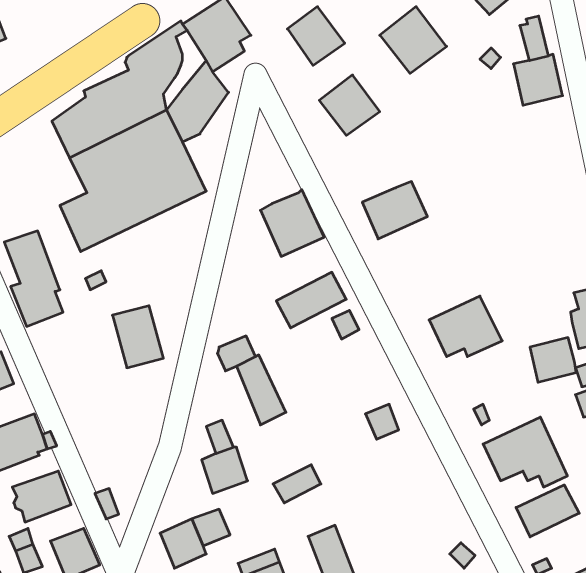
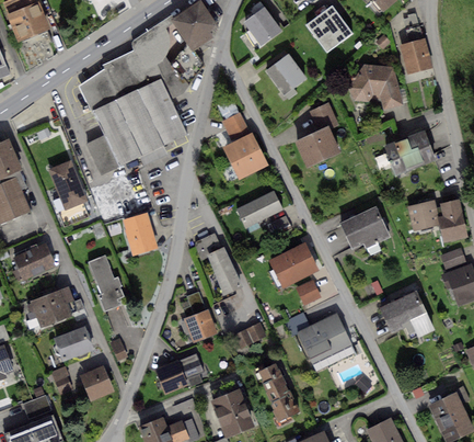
building: none -> [347,64,403,111]
building: none -> [309,103,337,132]
building: none -> [221,112,251,143]
building: none -> [384,132,435,177]
building: [530,338,576,382] -> [407,201,439,231]
building: none -> [269,243,317,286]
building: none -> [90,256,124,314]
building: none -> [298,315,351,364]
building: [516,485,579,537] -> none

